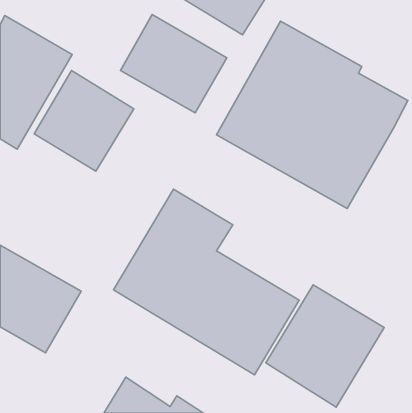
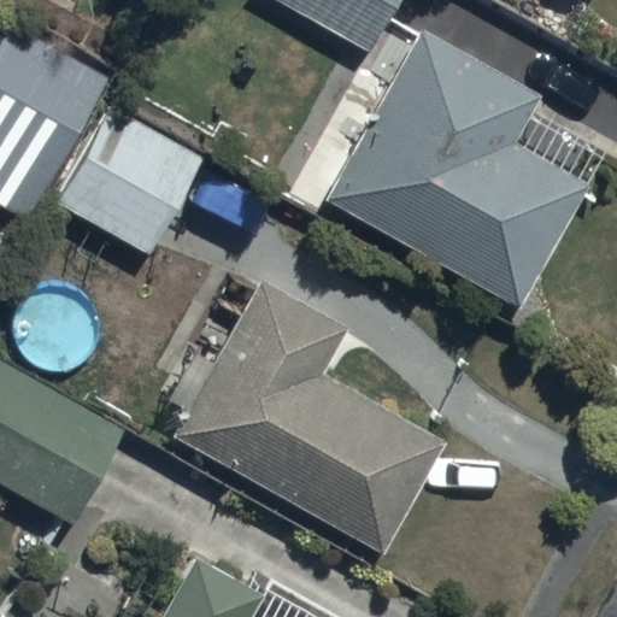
building: [121,15,227,113] -> none
building: [266,285,384,407] -> none

